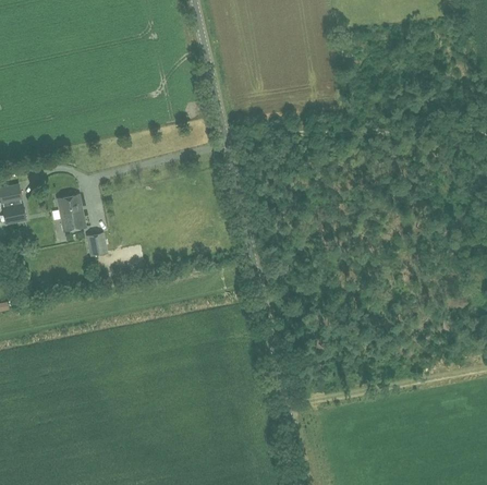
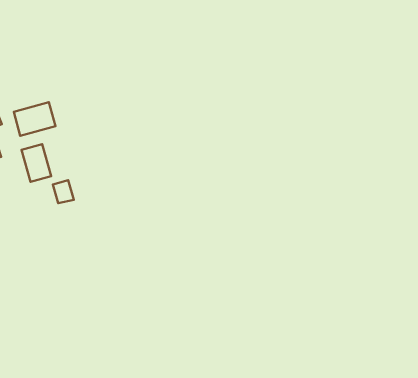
building: none -> [14,102,55,136]

